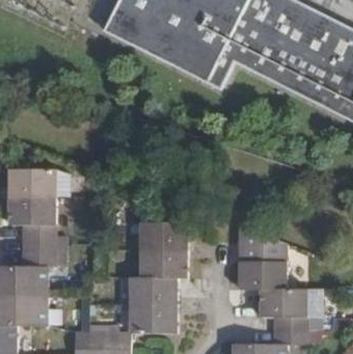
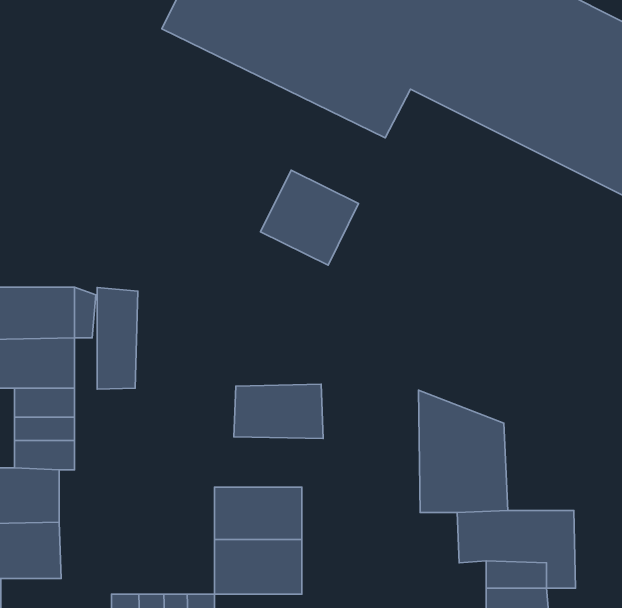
building: none -> [261,170,359,265]
building: none -> [97,288,138,389]
building: [140,248,188,275] -> none

